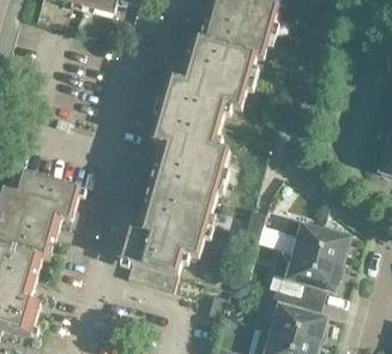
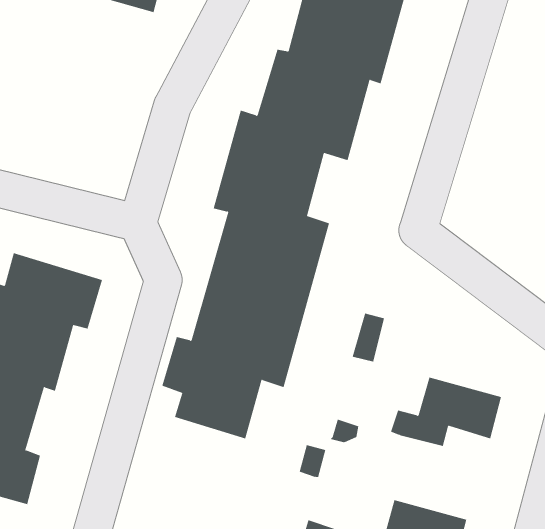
building: [284,220,350,264] -> none
building: [271,289,327,344] -> none

